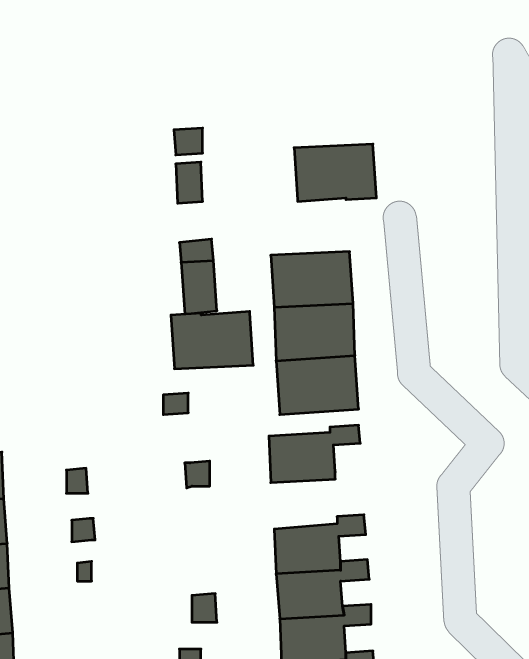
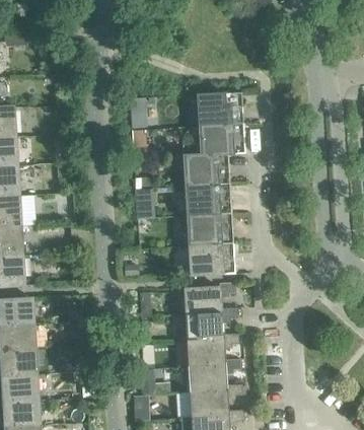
building: none -> [197,92,243,125]
building: [171,311,253,369] -> [184,153,230,186]
building: none -> [186,307,238,341]

